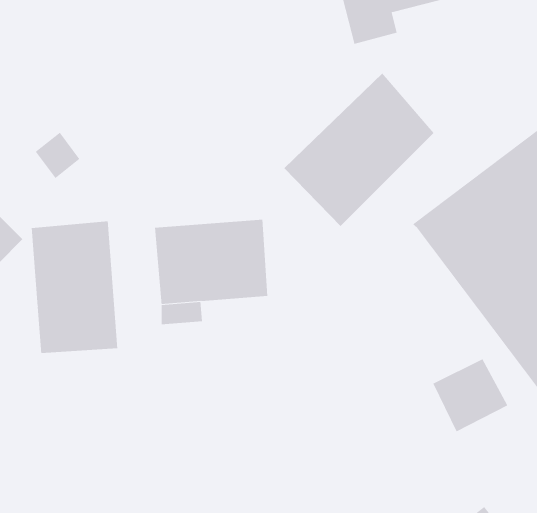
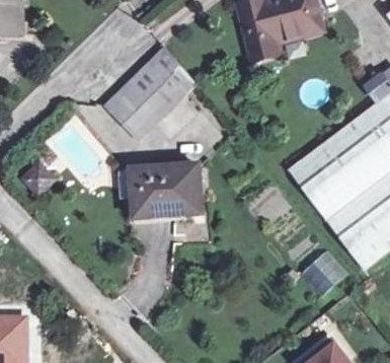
building: [283,72,434,227] -> [104,46,196,139]
building: [31,221,118,354] -> none

